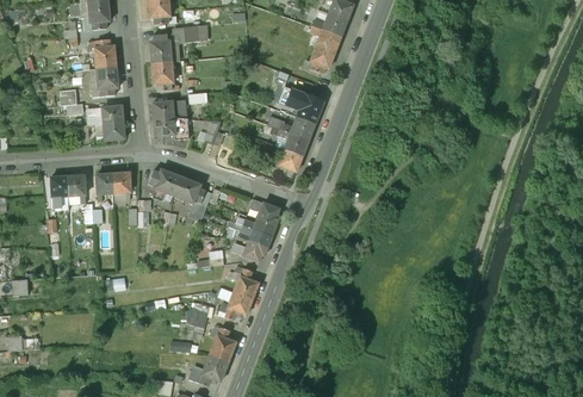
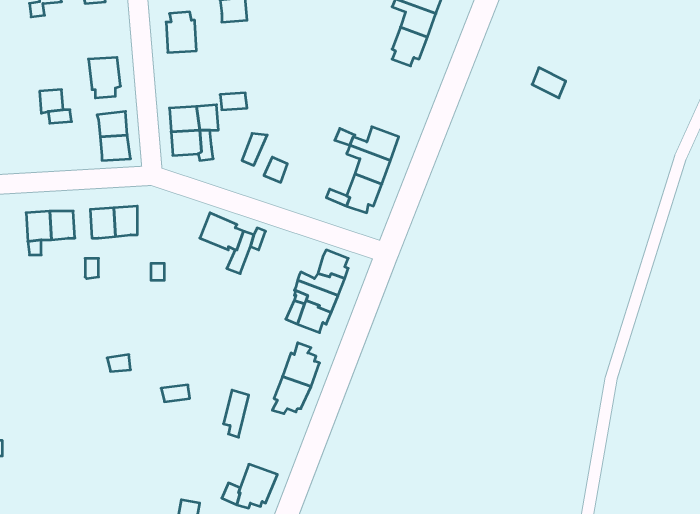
building: [93,38,114,68] -> none
building: [150,62,173,91] -> none
building: [283,89,322,123] -> none
building: [145,169,180,200] -> none
building: [207,327,235,361] -> none

